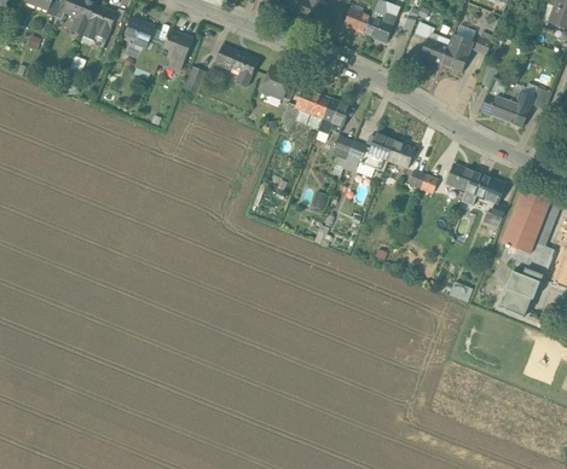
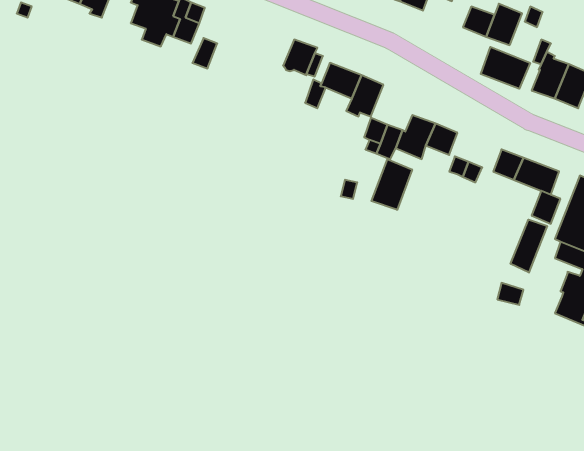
building: [215,46,256,75] -> none
building: none -> [481,47,530,89]
building: none -> [371,159,412,210]
building: none -> [511,220,547,273]

